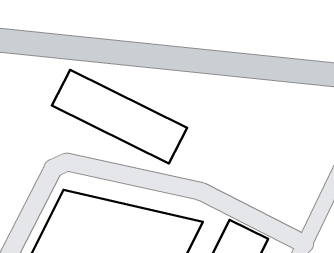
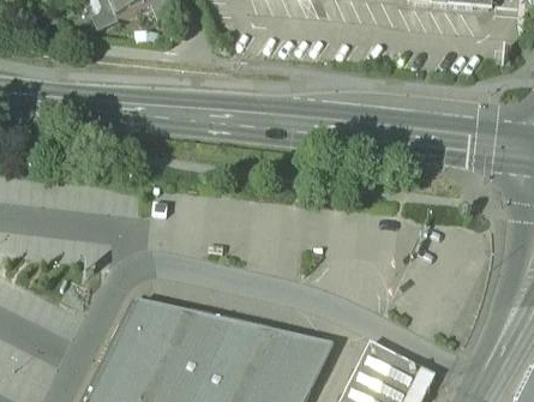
building: [52,70,187,164] -> none

